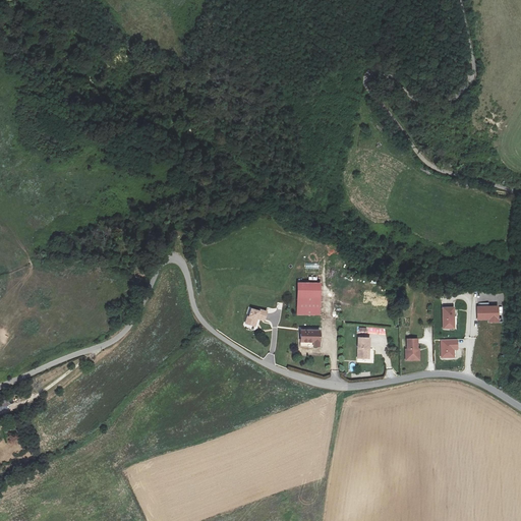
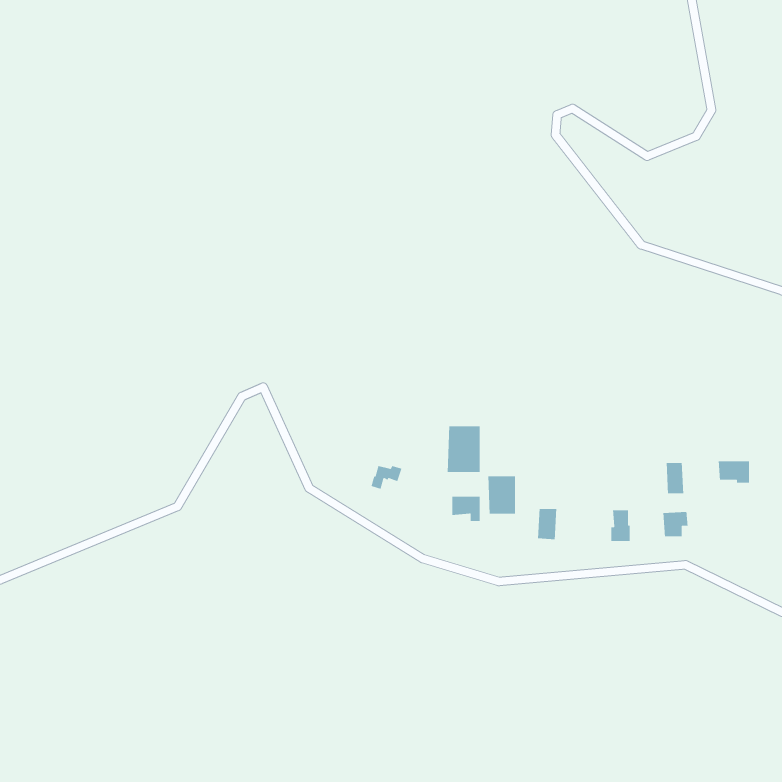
building: none -> [487,475,516,514]

